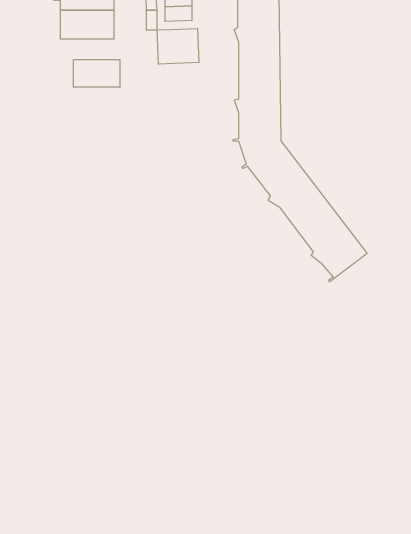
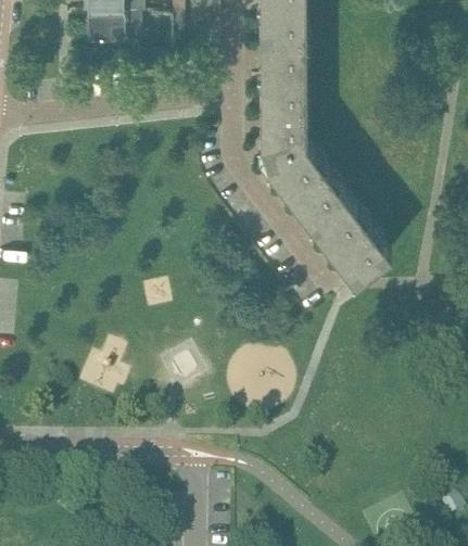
building: [157,28,199,64] -> none
building: [74,60,120,87] -> none

